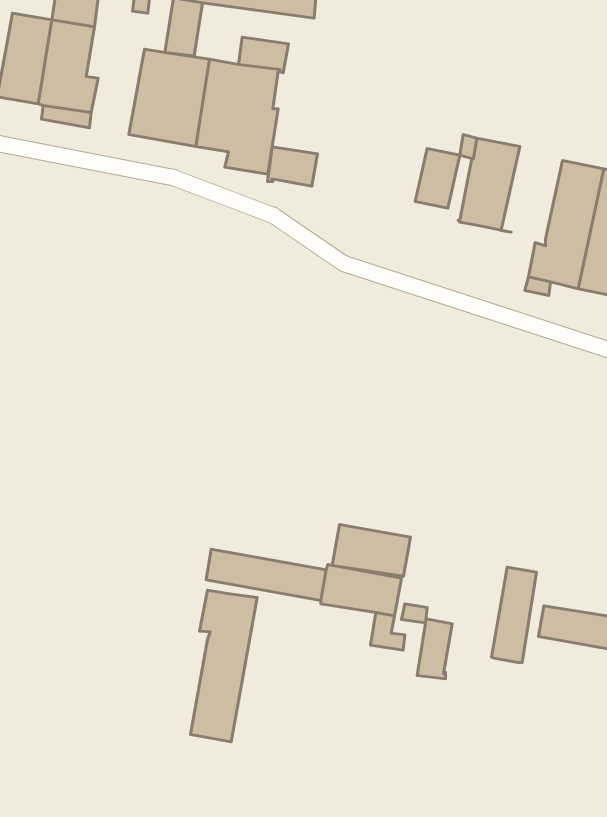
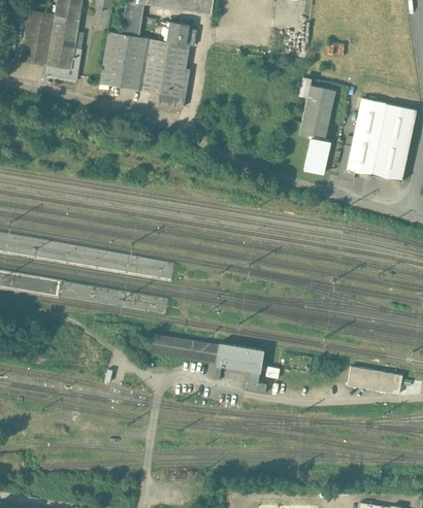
building: [267,147,317,186] -> none
building: [415,148,460,208] -> [303,138,330,174]
building: [332,524,410,576] -> none
building: [492,567,536,663] -> none
building: [191,590,257,742] -> none
building: [417,619,452,679] -> none

